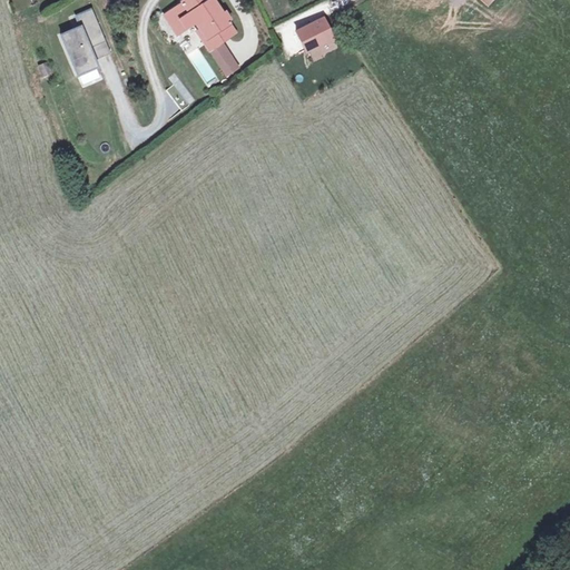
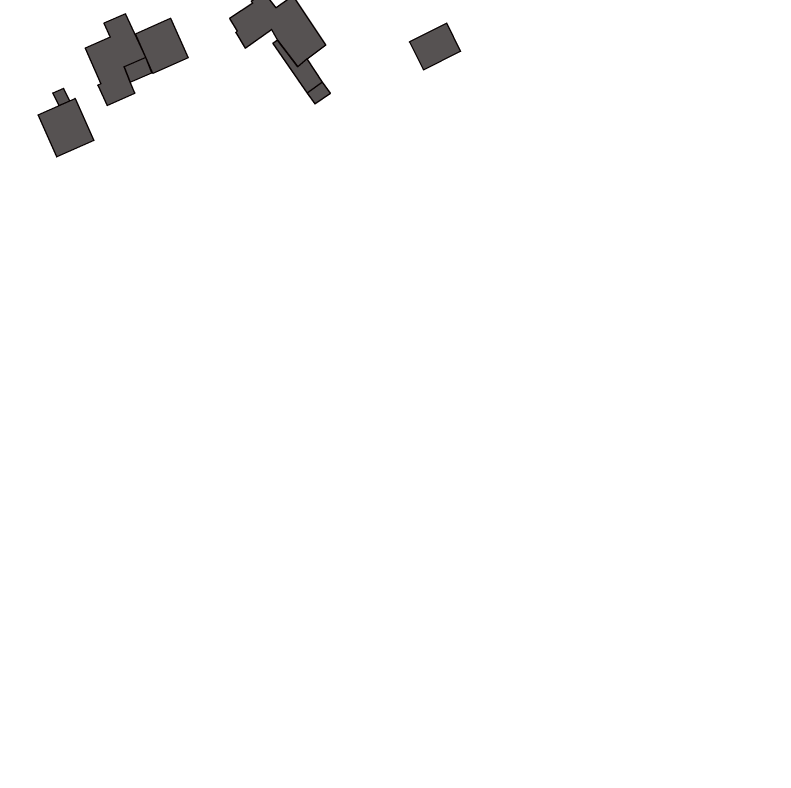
building: none -> [135,18,188,73]
building: none -> [38,98,94,157]

